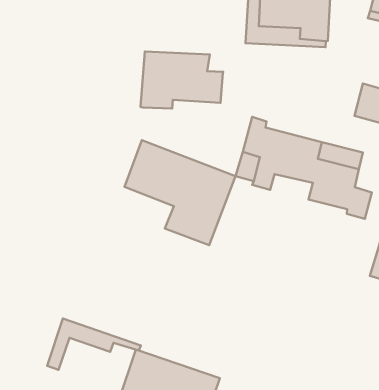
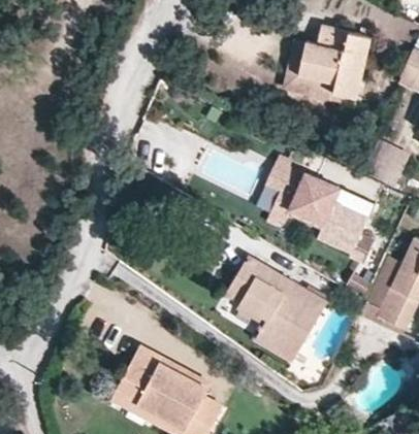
building: [140,52,223,108] -> none
building: [124,140,236,245] -> [225,257,326,361]
building: [47,318,141,370] -> none

